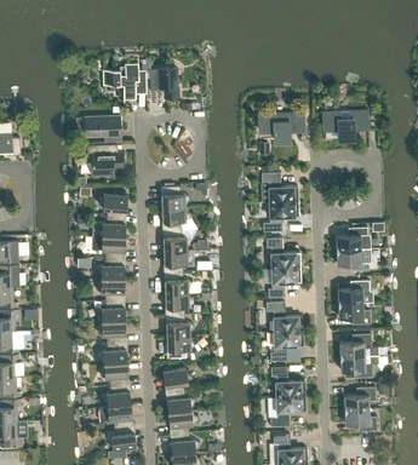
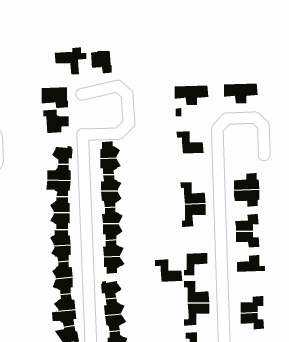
building: [263,201,298,231] -> none
building: [265,302,303,332] -> [154,259,183,282]
building: [339,355,378,378] -> none

